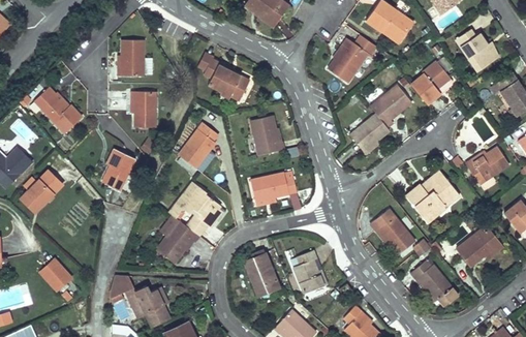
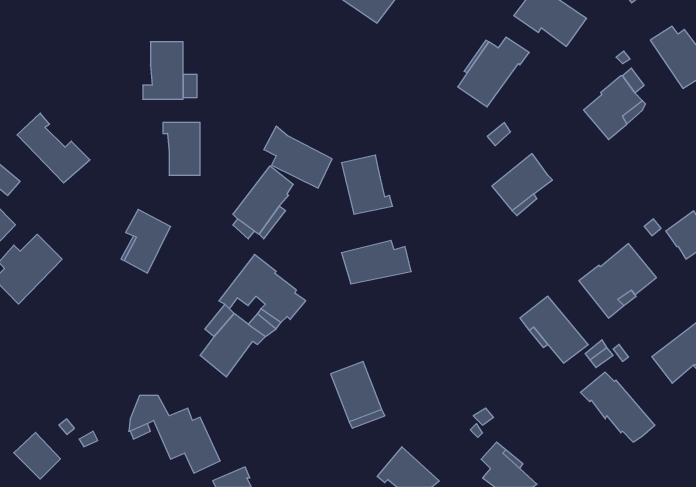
building: [204,60,249,101] -> [264,126,332,188]
building: [367,85,412,128] -> none
building: [293,250,328,293] -> none
building: [41,258,72,289] -> [14,432,60,479]

